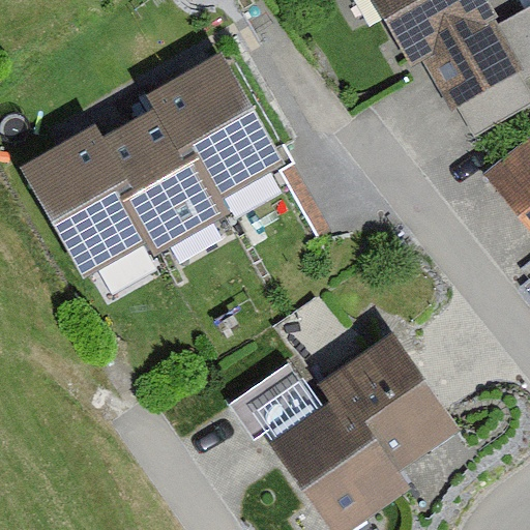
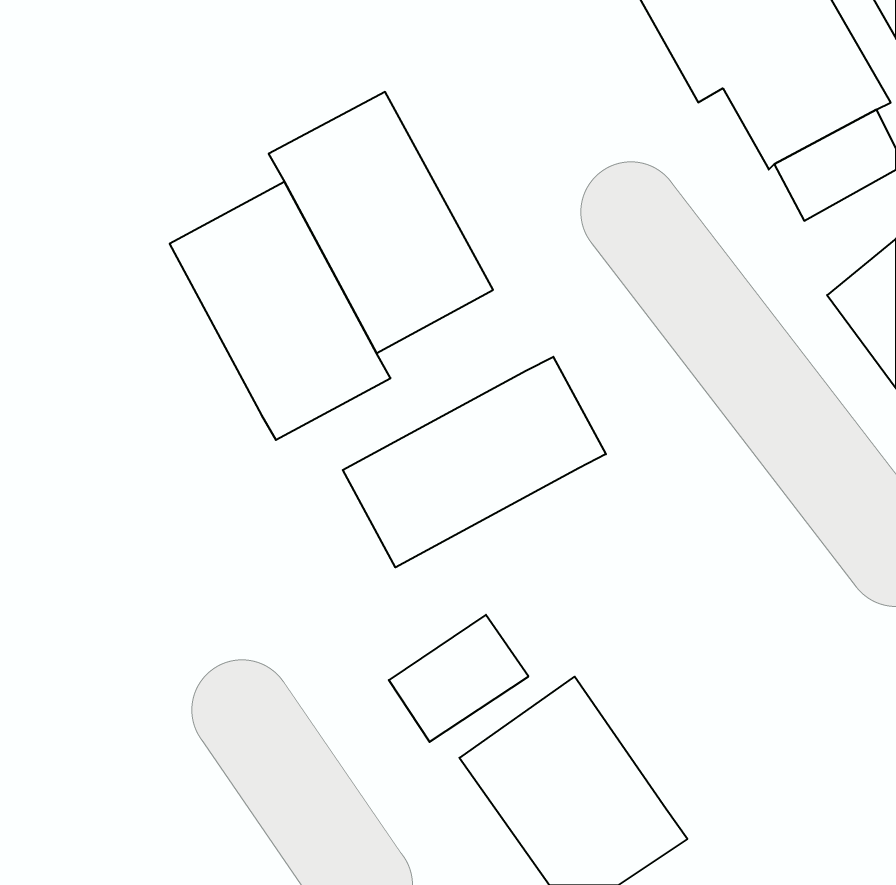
building: [23,130,153,281] -> none
building: none -> [343,357,606,567]
building: [323,332,458,474] -> none

